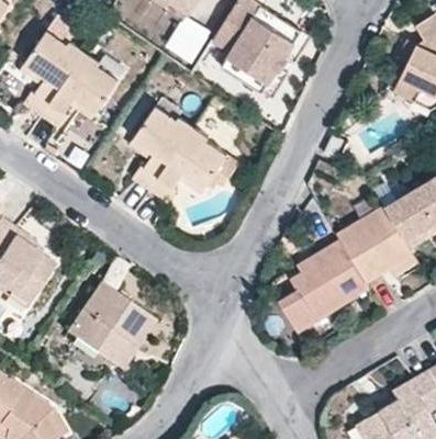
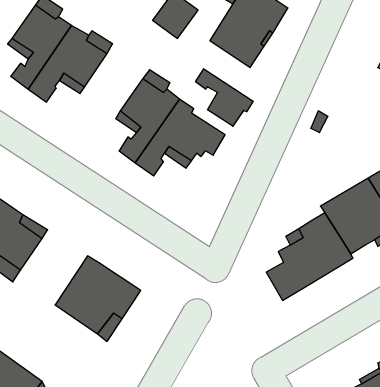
building: none -> [196,69,253,126]

